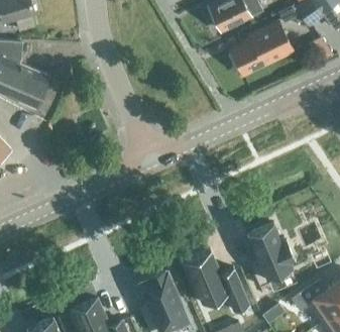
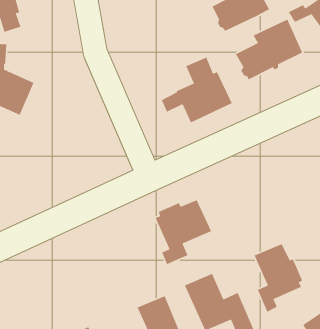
building: none -> [161,57,233,123]
building: none -> [155,199,212,265]

